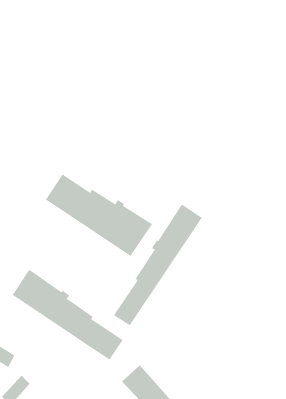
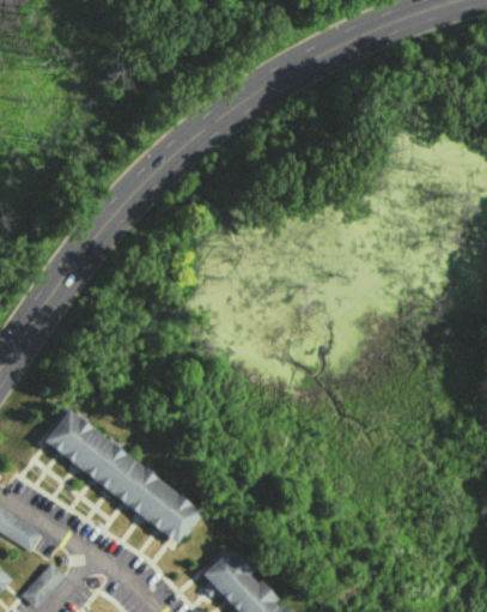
building: [45,173,153,257] -> none
building: [113,203,203,326] -> none

